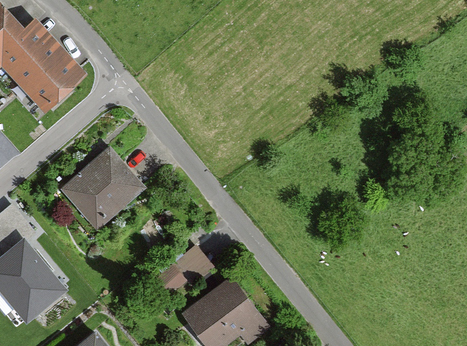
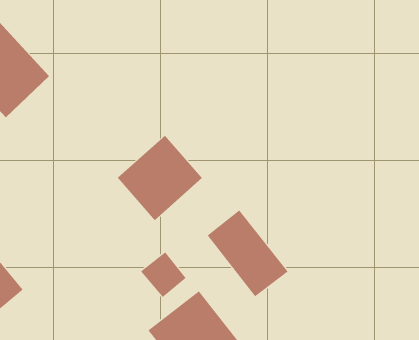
building: [61,149,143,231] -> [117,135,203,221]
building: none -> [207,209,288,297]

